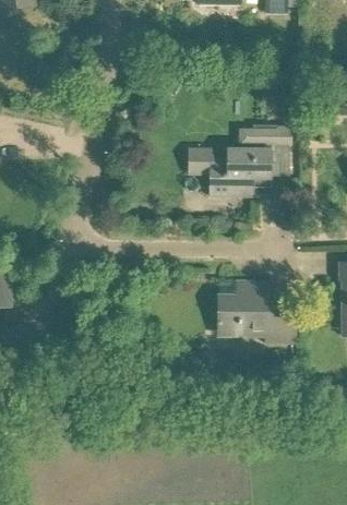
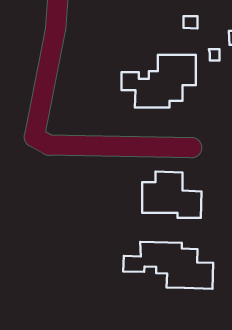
building: none -> [123,242,213,289]

